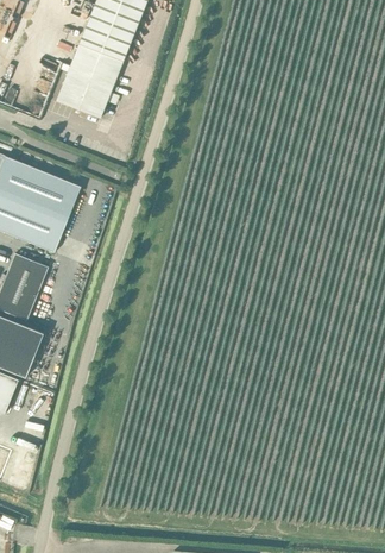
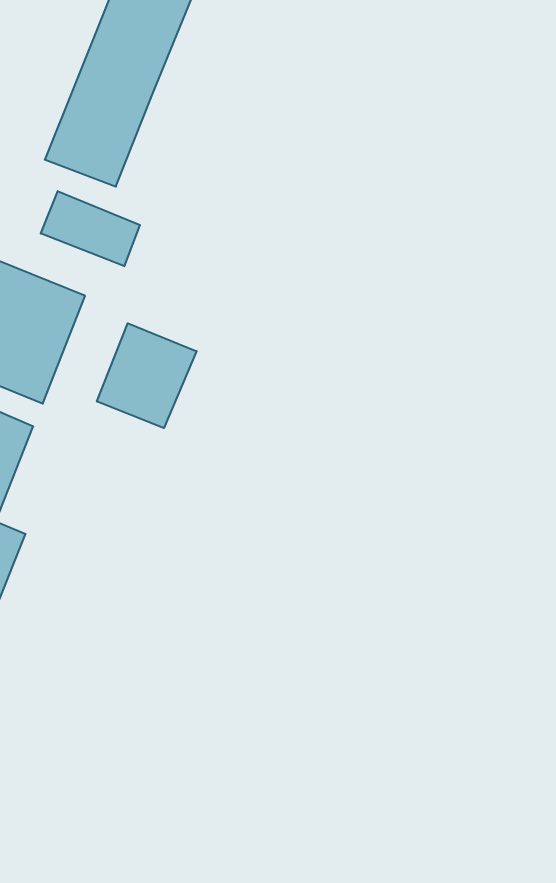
building: none -> [41,191,140,266]
building: none -> [97,323,197,428]

